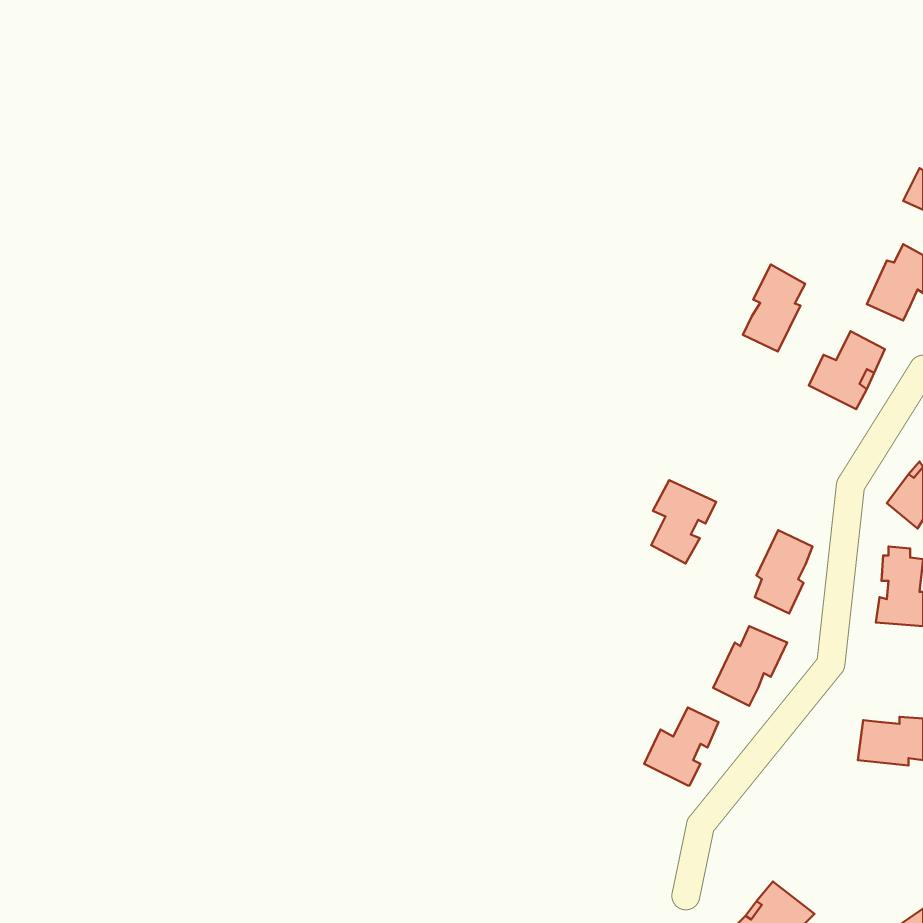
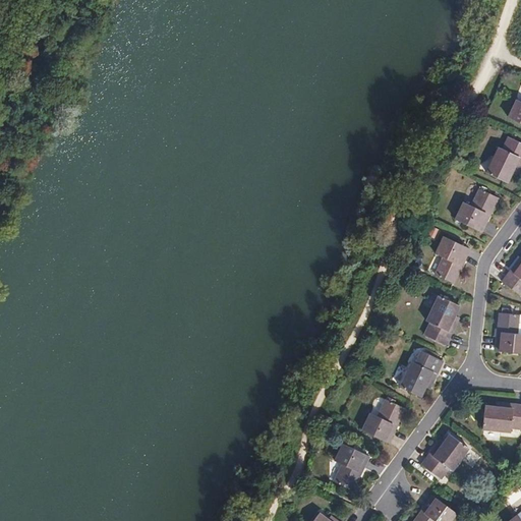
building: [743,265,805,352] -> none
building: [651,480,716,563] -> [433,236,470,283]
building: none -> [421,436,466,478]
building: none -> [334,443,368,489]

